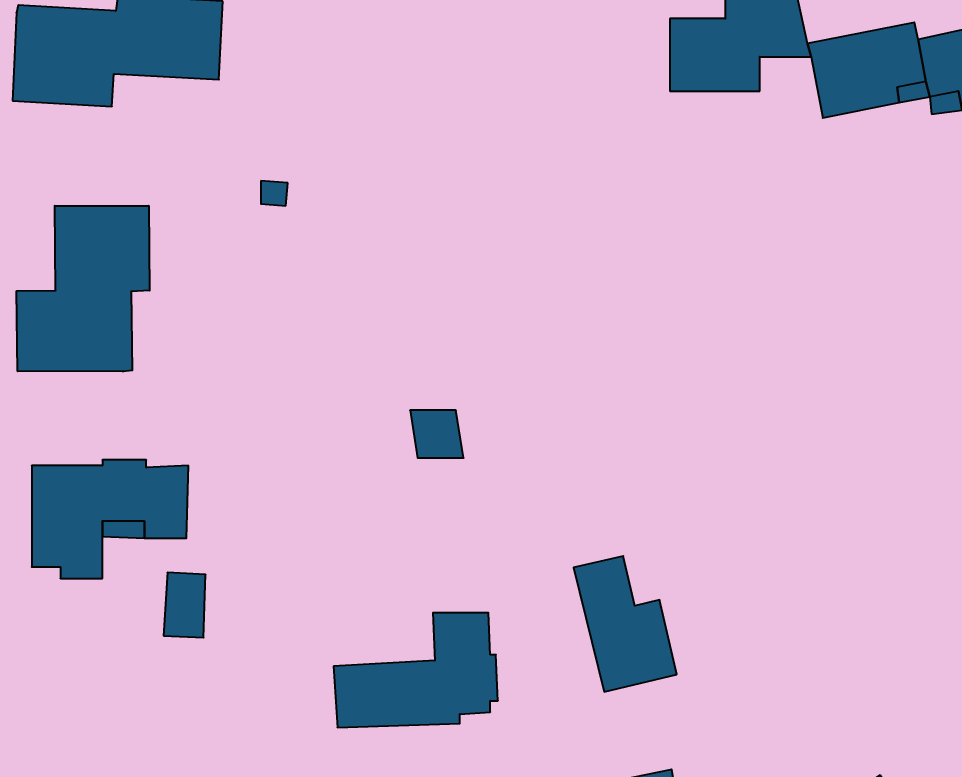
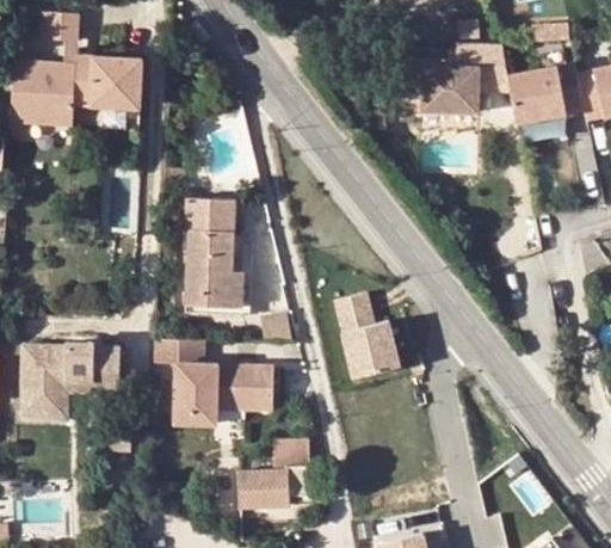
building: [17,206,150,372] -> none
building: none -> [184,197,243,314]
building: none -> [154,338,274,423]
building: [574,556,677,692] -> [337,296,401,381]

